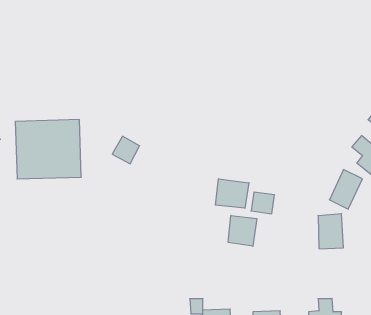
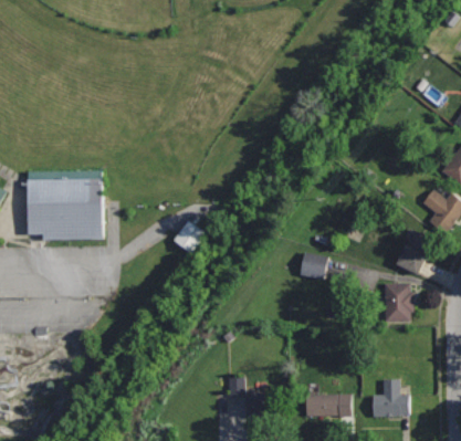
building: [112,136,140,164] -> [179,222,211,254]
building: [215,179,249,208] -> none
building: [228,215,257,246] -> none

